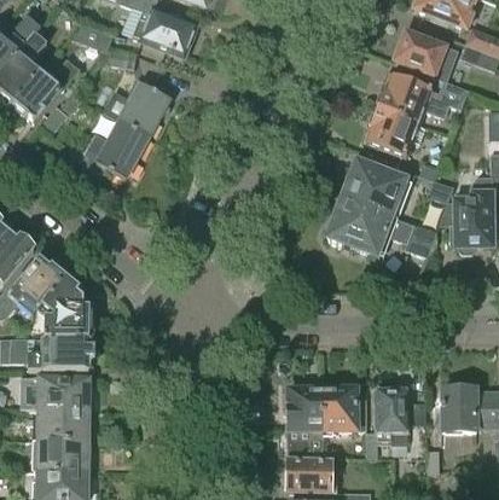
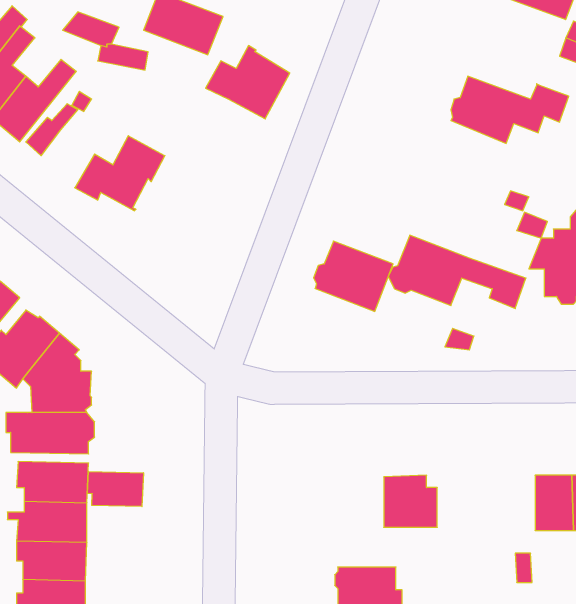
building: [394,30,458,80] -> none
building: [103,77,169,135] -> [206,46,290,119]
building: [364,107,425,156] -> none
building: [342,161,405,216] -> [314,241,393,311]
building: none -> [87,471,143,507]
building: [278,389,323,455] -> none
building: [366,389,408,457] -> none

